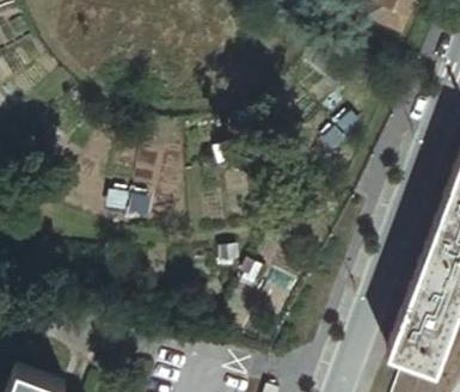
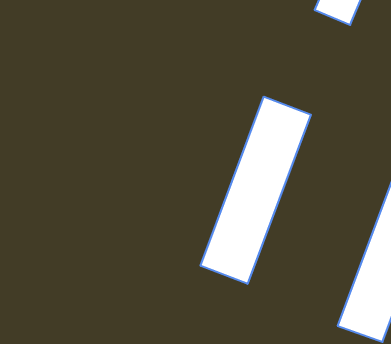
building: none -> [201,97,311,284]

